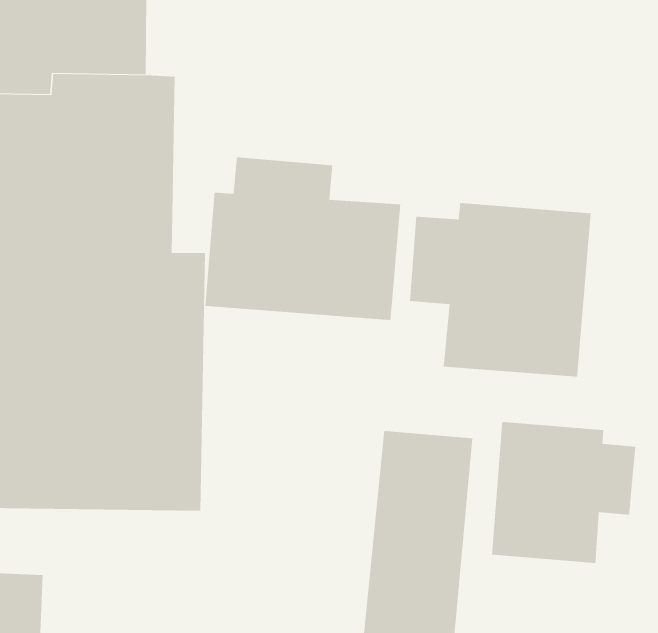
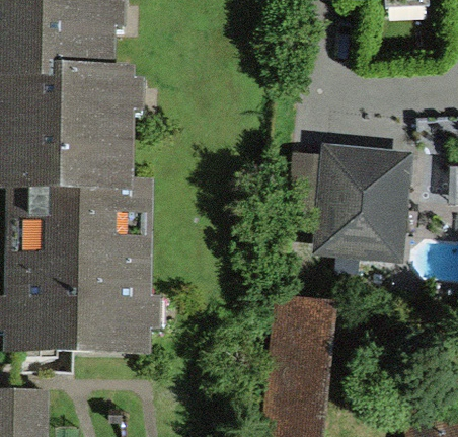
building: [205,157,401,321] -> none
building: [491,421,636,564] -> none

